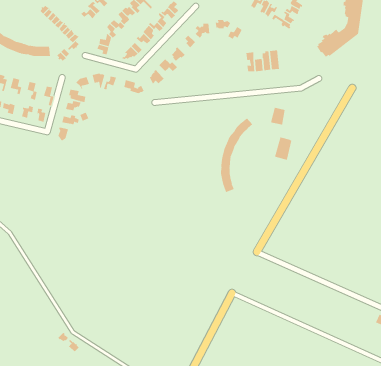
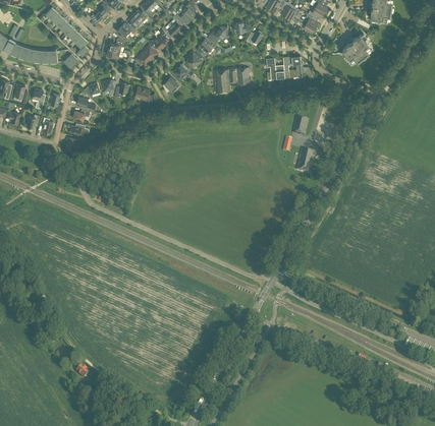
building: none -> [213,67,249,93]
building: [220,117,253,193] -> none

